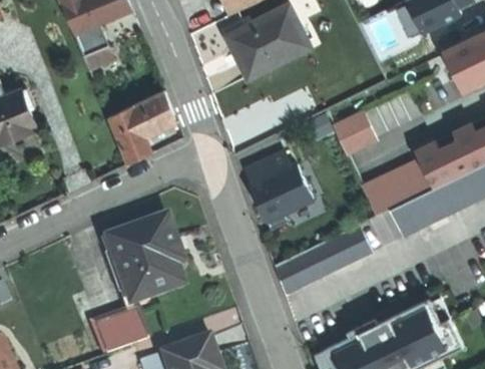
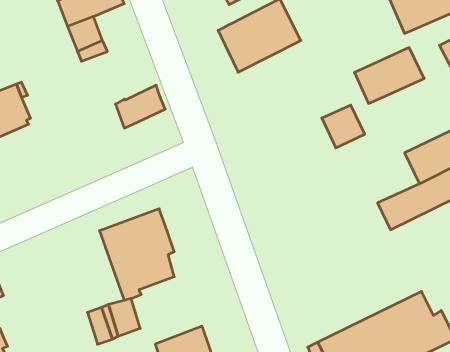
building: [107,110,149,164] -> none
building: [238,150,305,229] -> none
building: [357,159,427,216] -> [354,48,424,103]
building: [275,226,371,295] -> none

